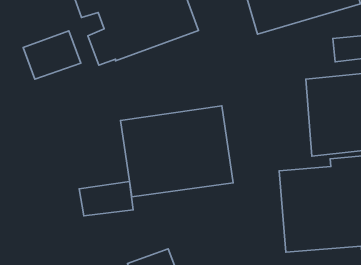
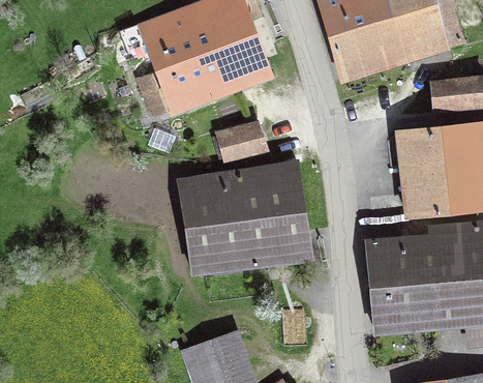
building: [23,31,81,79] -> none
building: none -> [217,121,266,156]
building: [79,182,133,216] -> none

